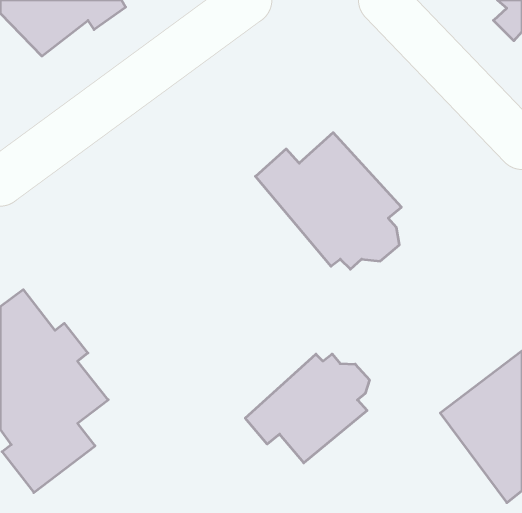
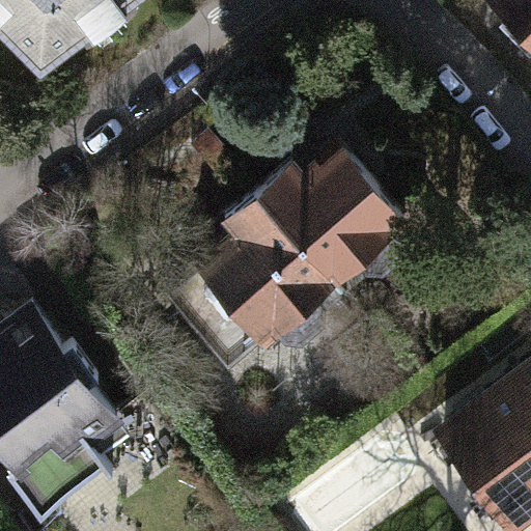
building: none -> [167,188,337,364]
building: [245,354,369,463] -> none

